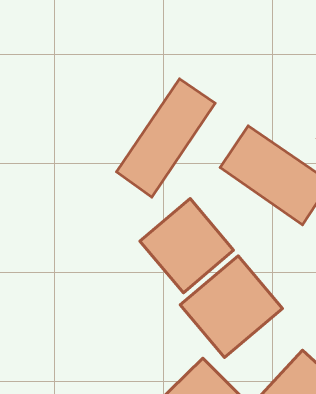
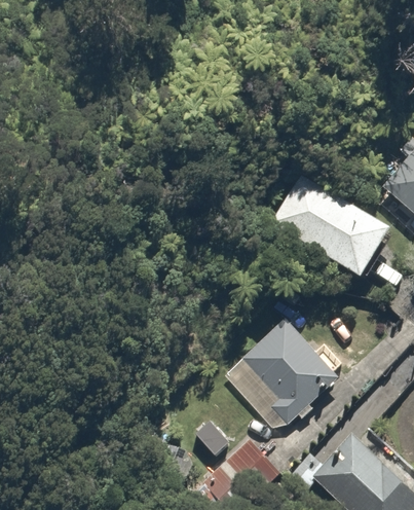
building: [116,79,215,197] -> none
building: [140,199,234,293] -> none

